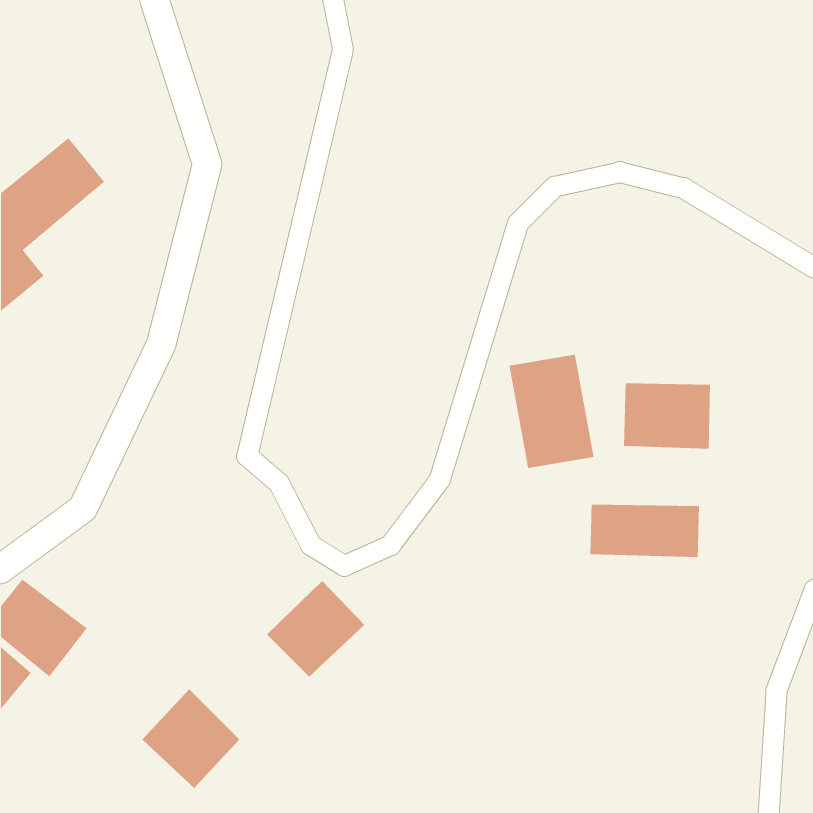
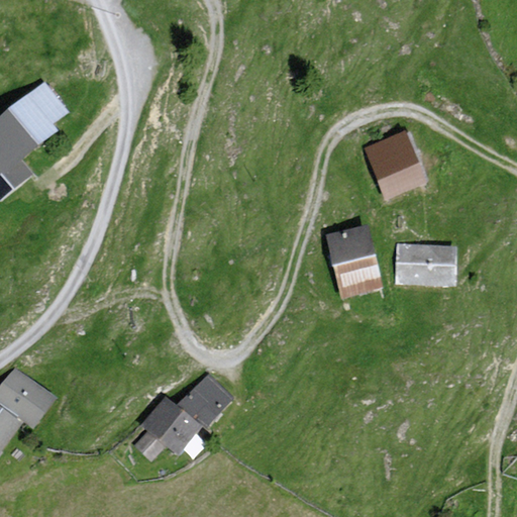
building: none -> [365,132,426,199]
building: [590,504,700,558] -> none
building: [141,689,240,789] -> [133,402,196,466]

